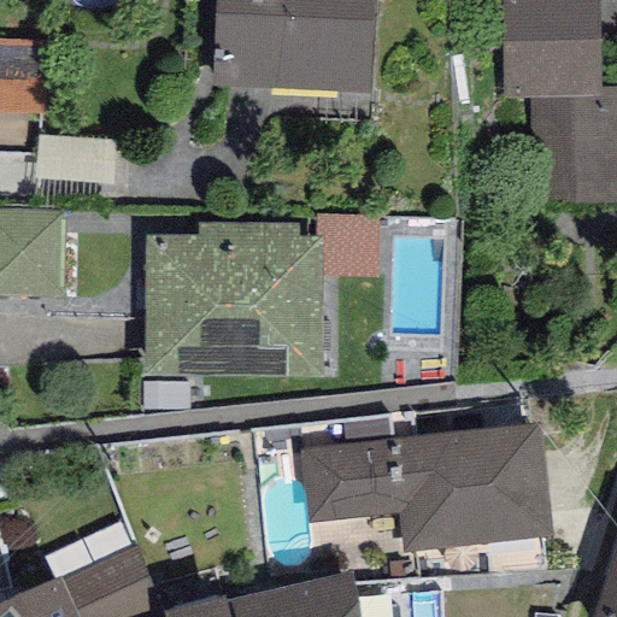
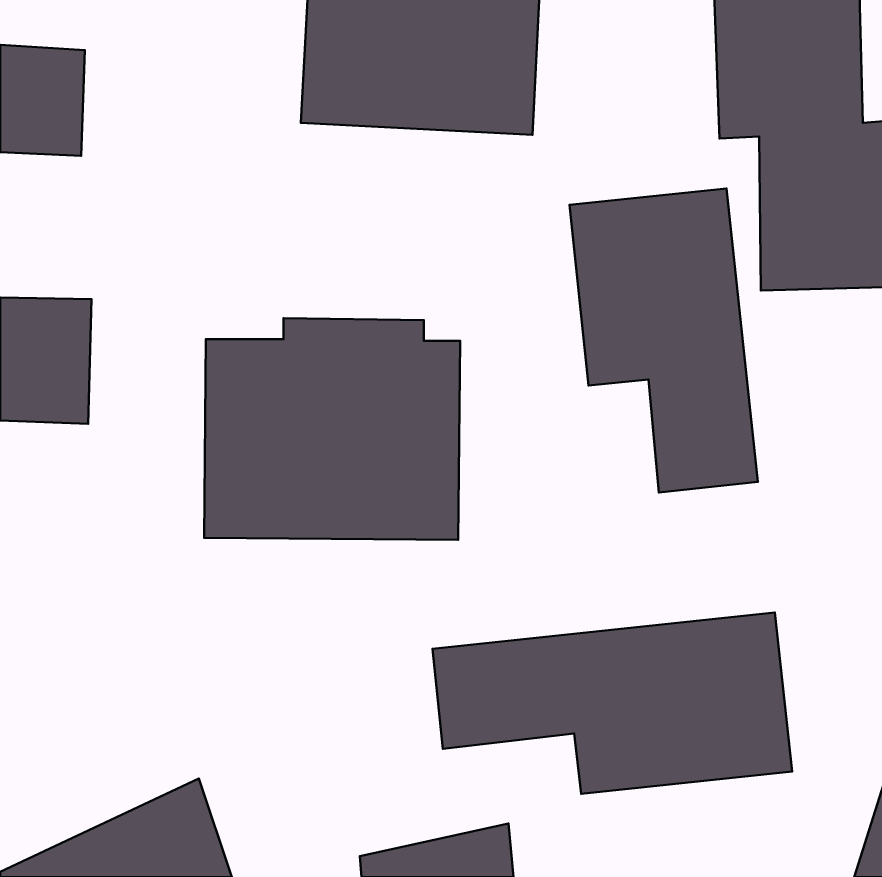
building: none -> [570,188,758,493]

